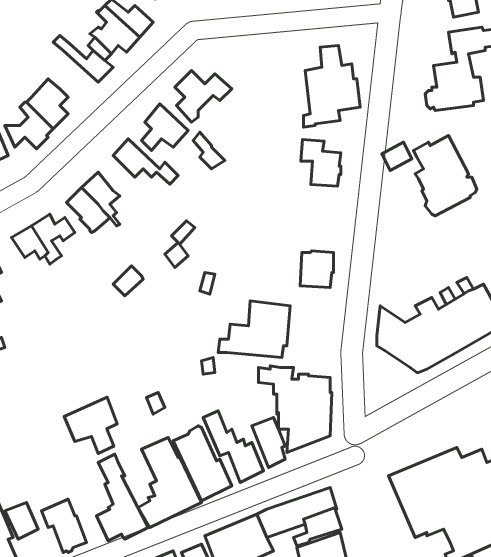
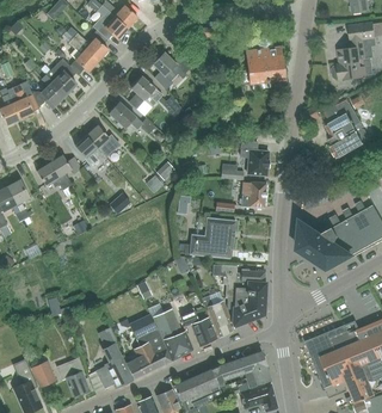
building: none -> [69,38,98,75]
building: [301,140,341,186] -> [240,142,269,175]
building: [64,397,117,454] -> none

